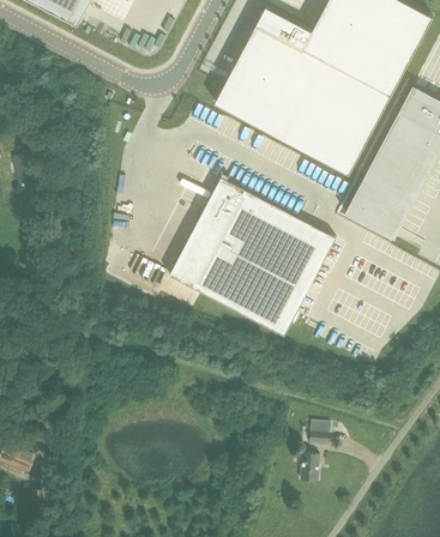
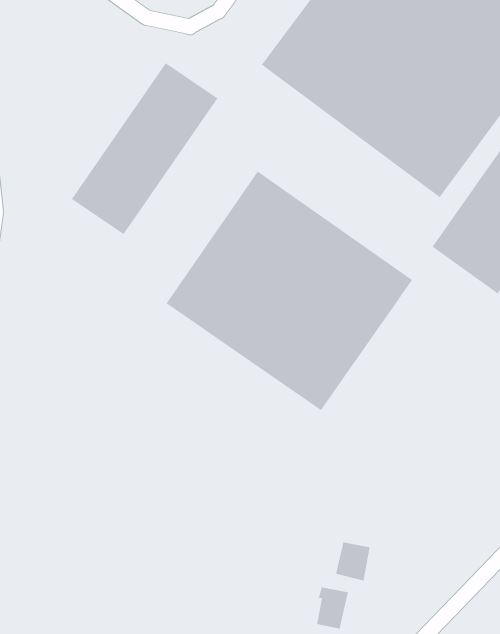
building: none -> [71,62,218,235]

